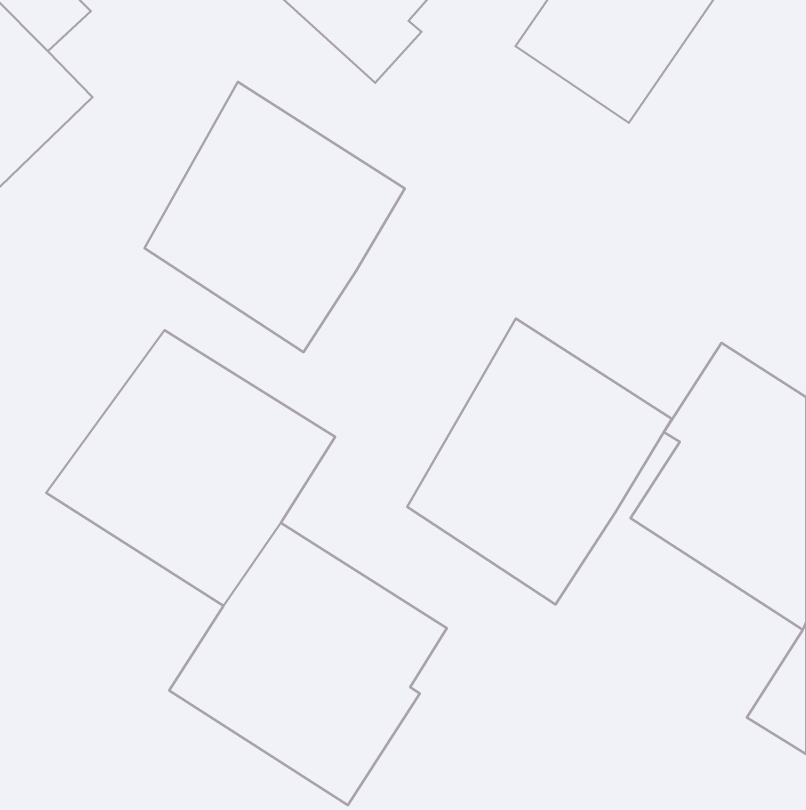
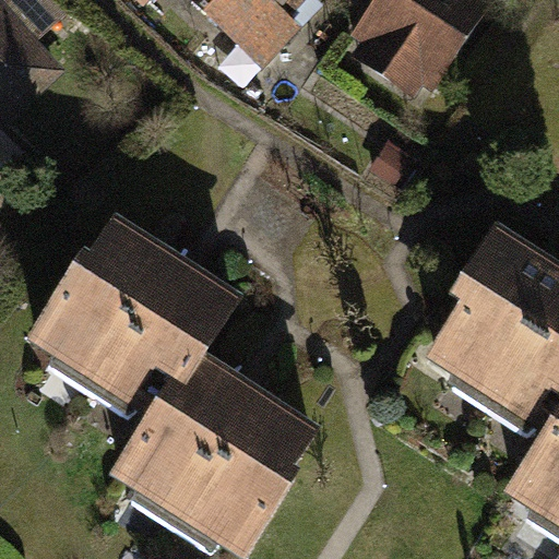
building: [144,82,405,352] -> none
building: [407,319,672,604] -> none

